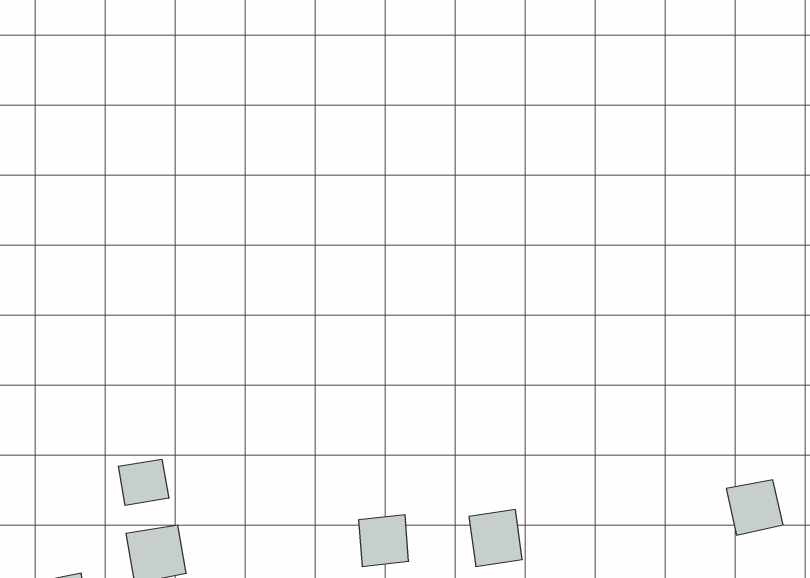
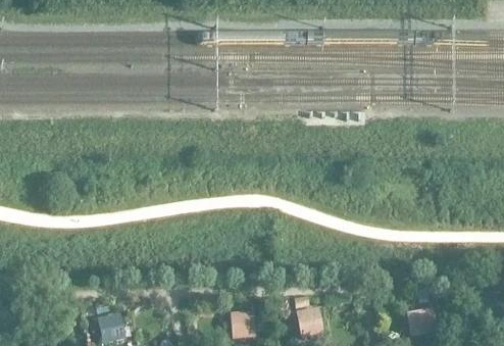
building: [118,459,169,505] -> none
building: [726,480,783,535] -> [402,306,436,339]

